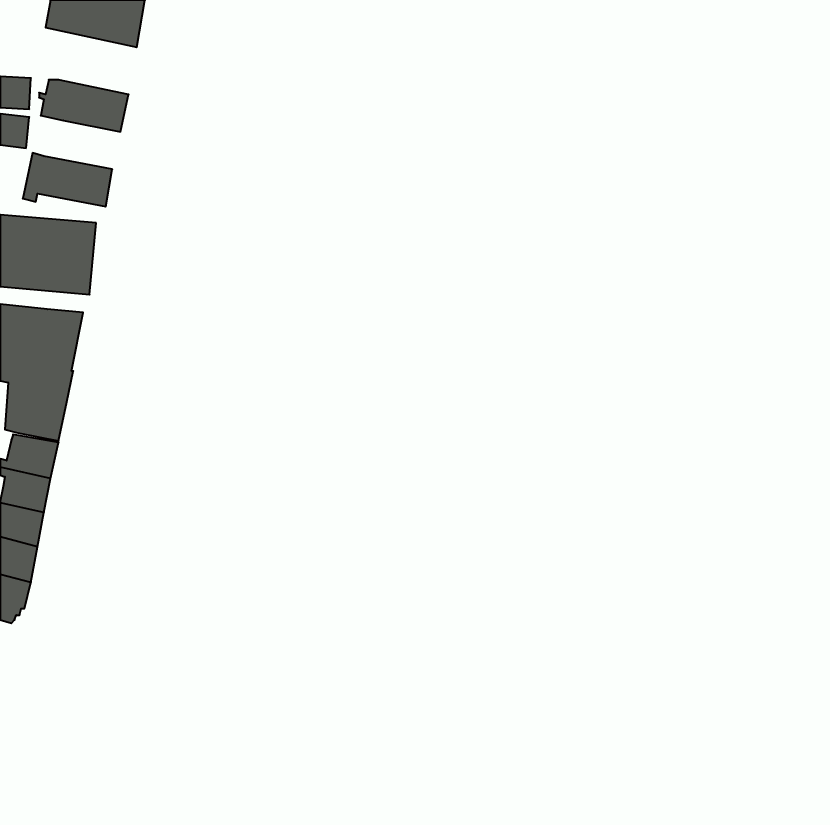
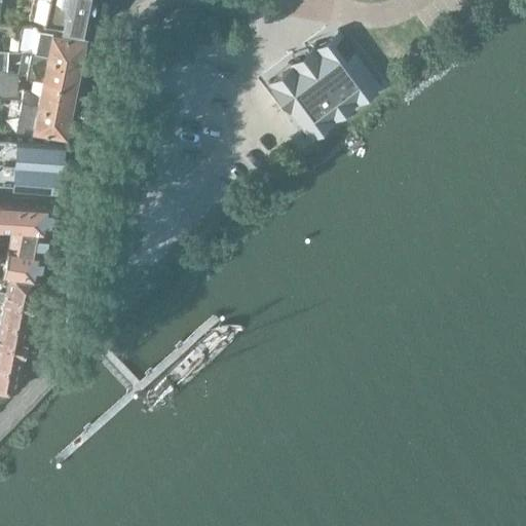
building: none -> [29,30,86,64]
building: none -> [269,33,381,142]
building: none -> [22,80,77,111]

